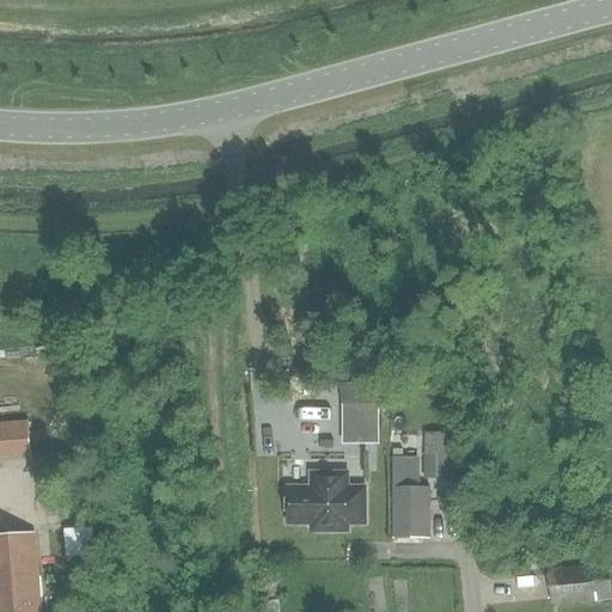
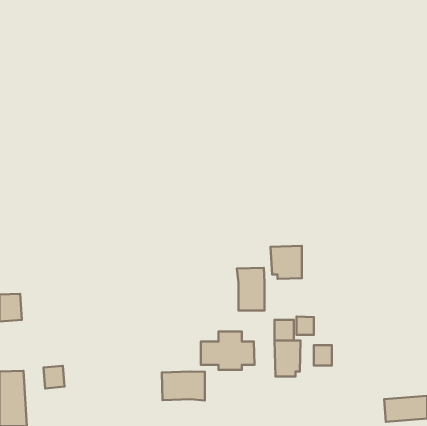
building: none -> [270,246,302,279]
building: none -> [314,345,332,366]
building: none -> [162,372,205,400]

